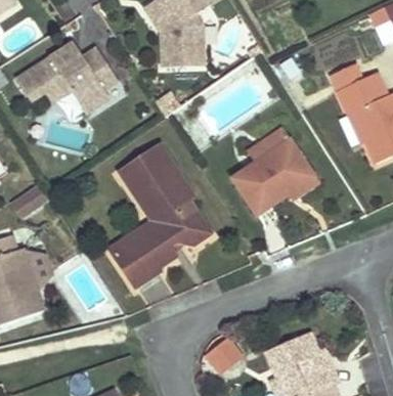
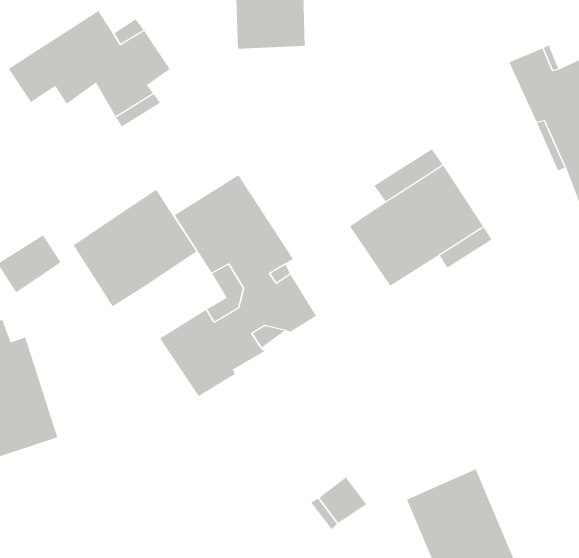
building: none -> [73,189,197,307]

